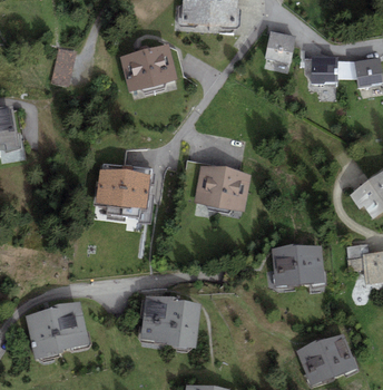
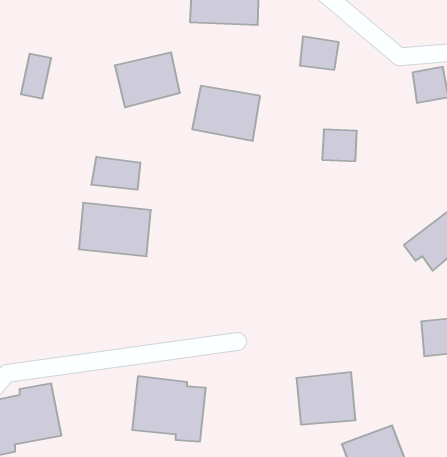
building: [314,59,341,84] -> [322,129,357,161]
building: none -> [91,157,140,190]
building: [196,169,248,212] -> [192,86,260,141]
building: [273,245,318,285] -> [296,372,356,424]

